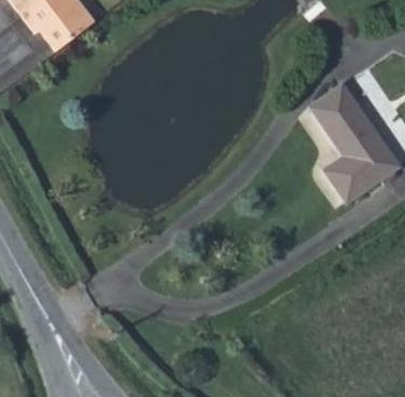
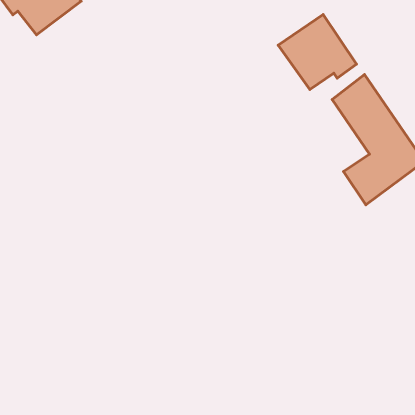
building: none -> [278,14,357,89]

